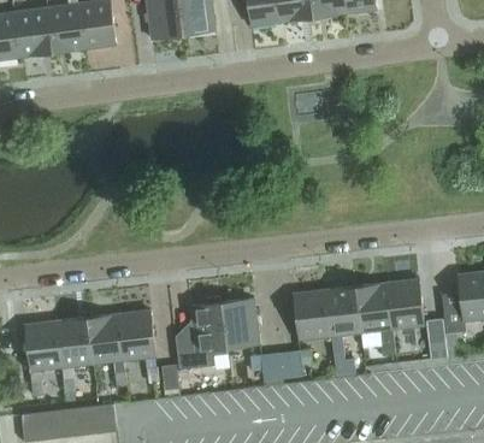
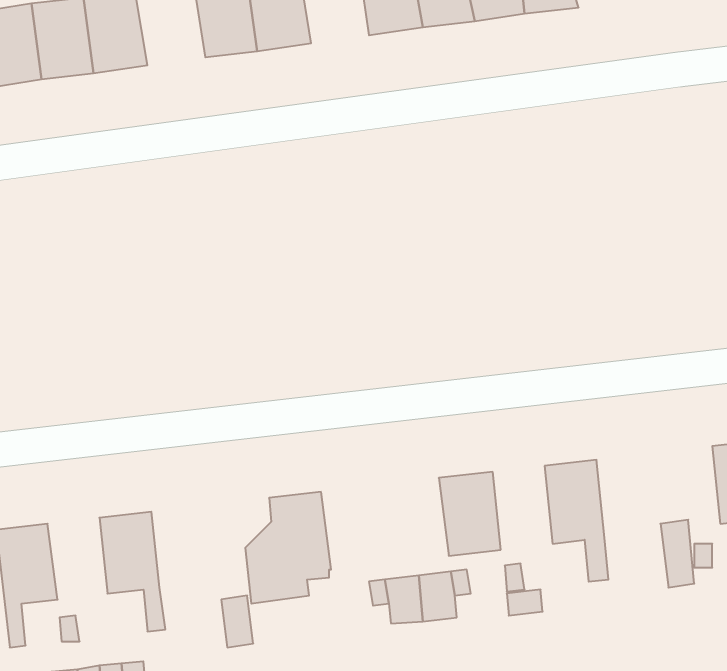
building: [388,279,425,330] -> none
building: [325,287,361,337] -> none
building: [222,299,259,349] -> none
building: [119,311,159,383] -> none
building: [57,318,93,367] -> none

